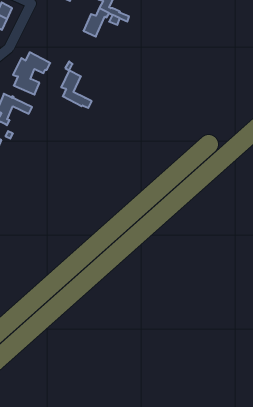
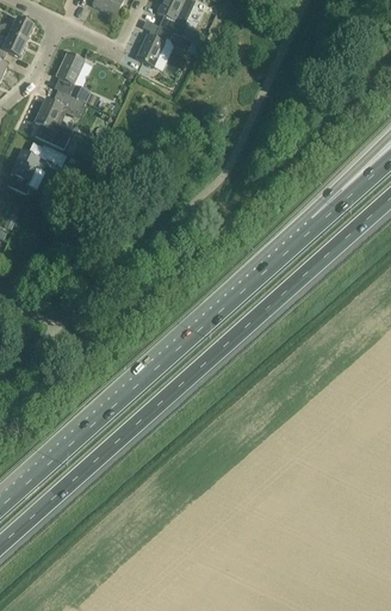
building: [61,71,92,108] -> [55,51,99,105]

